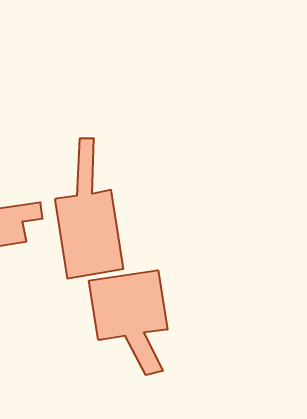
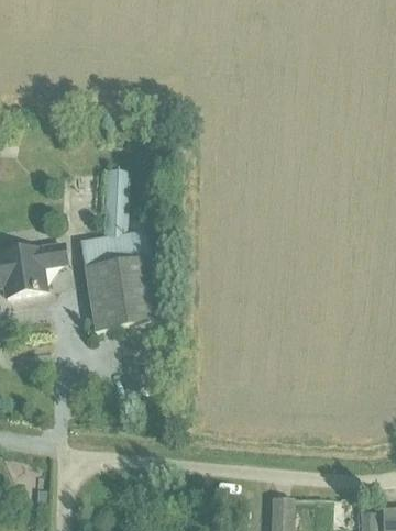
building: [89,270,167,375] -> none

